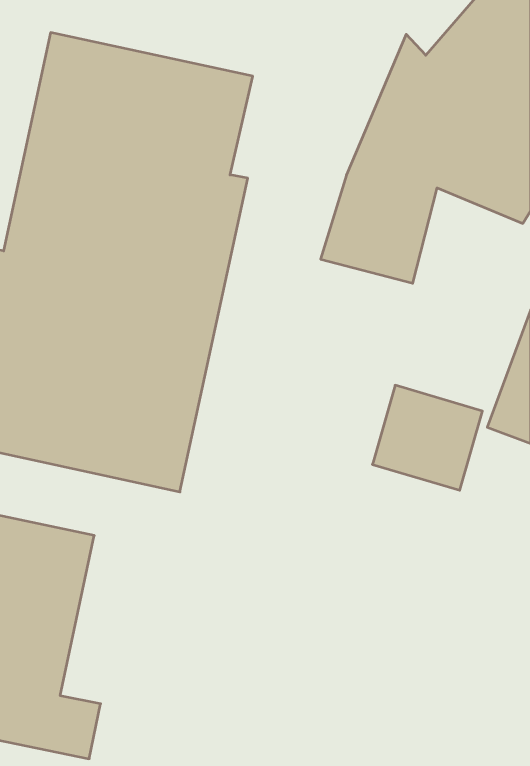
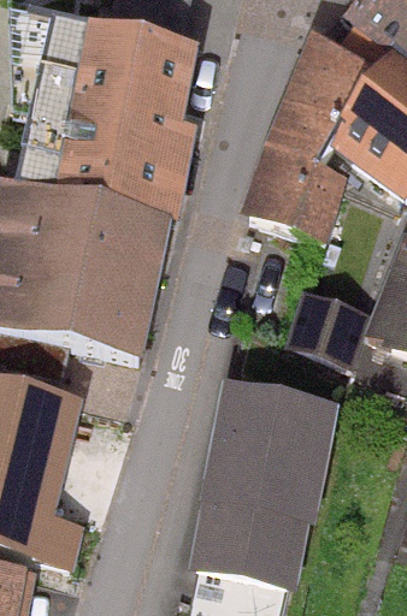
building: none -> [196,380,322,567]

